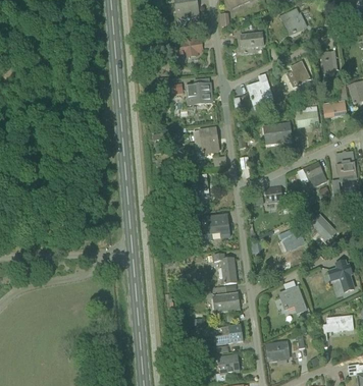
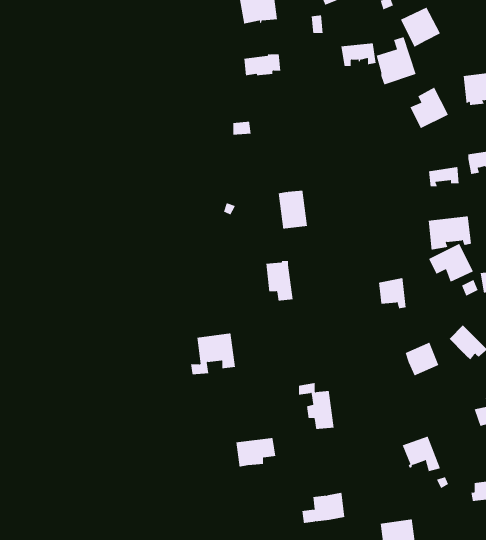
building: [248,73,274,105] -> [376,37,417,85]
building: [187,77,211,105] -> none
building: [262,121,291,144] -> [428,216,472,250]
building: [200,214,229,241] -> [190,333,236,375]
building: [212,292,239,312] -> [236,437,276,467]

